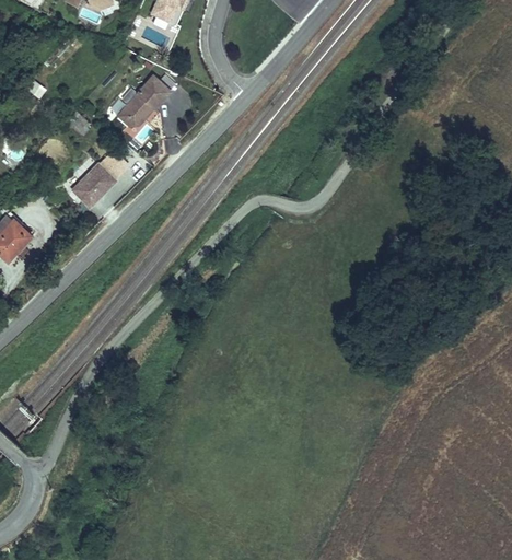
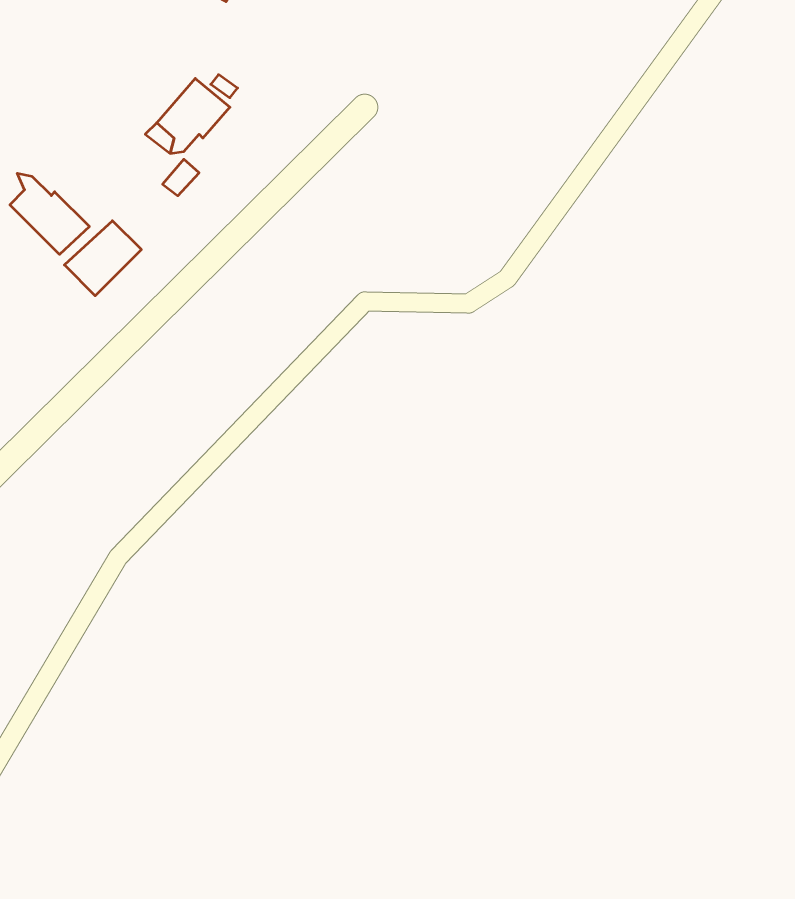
building: none -> [10,173,89,254]

